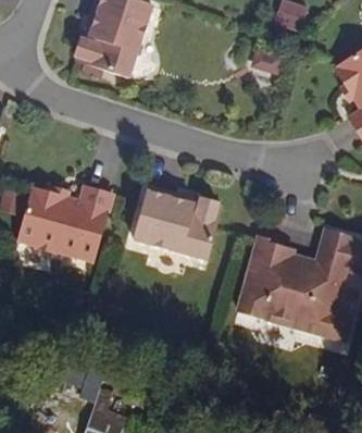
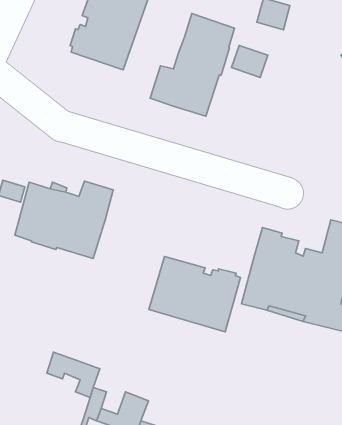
building: none -> [150,14,235,116]
building: [136,185,226,259] -> [149,257,241,332]

